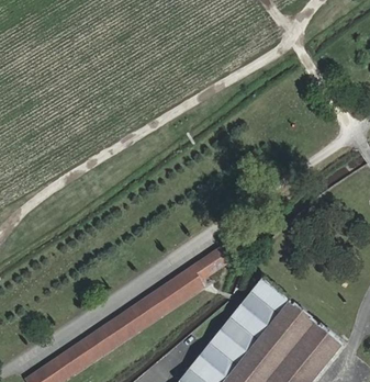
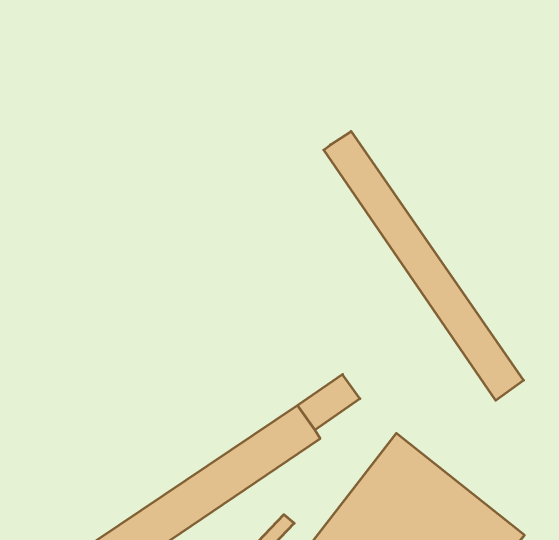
building: none -> [324,131,524,400]

